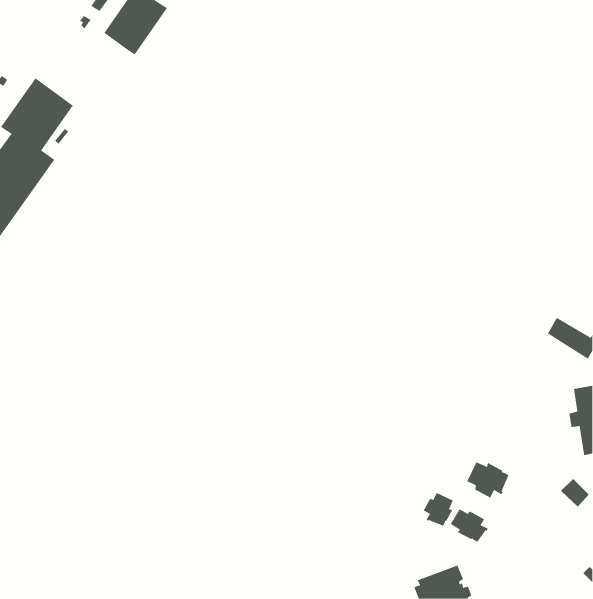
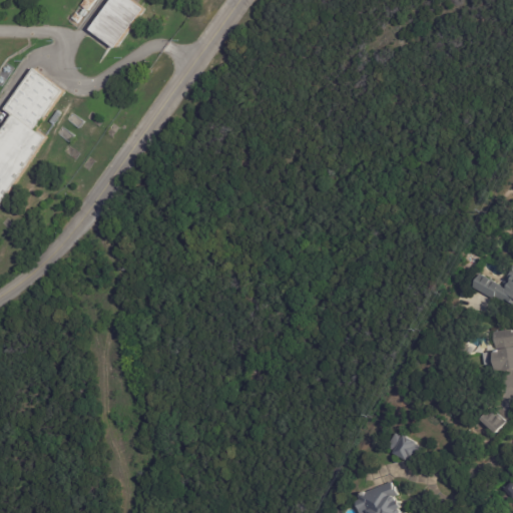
building: [467,462,509,498] -> none
building: [423,492,453,527] -> none

